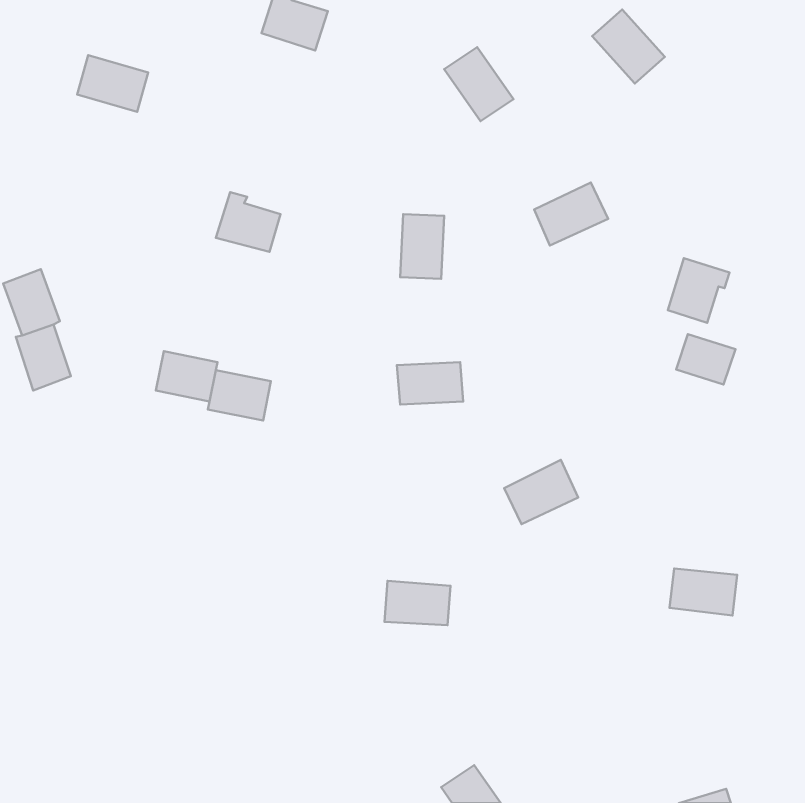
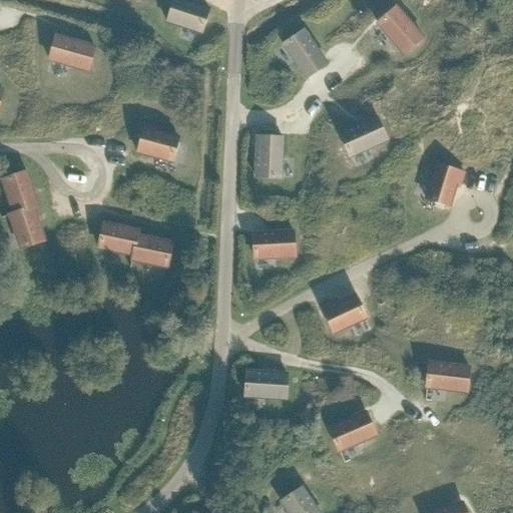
building: [676,334,736,384] -> none
building: none -> [329,411,376,451]

